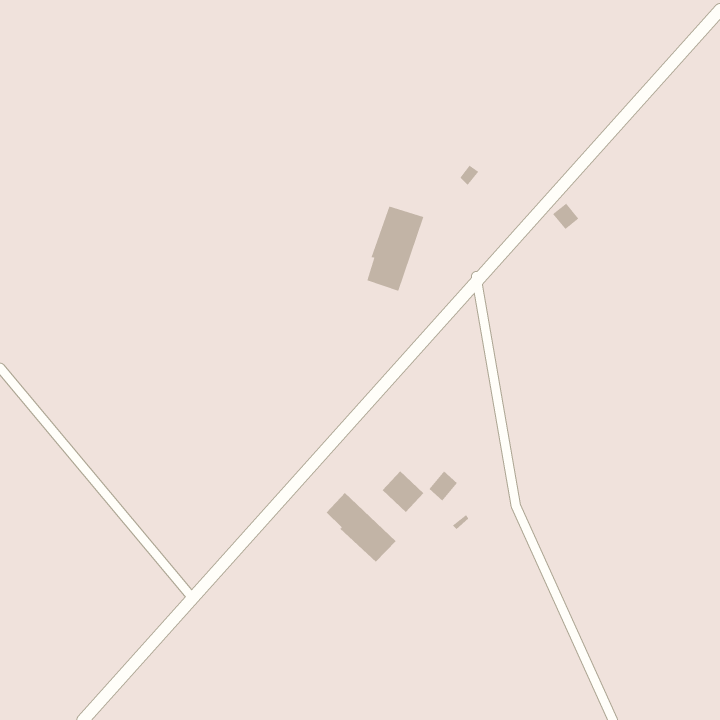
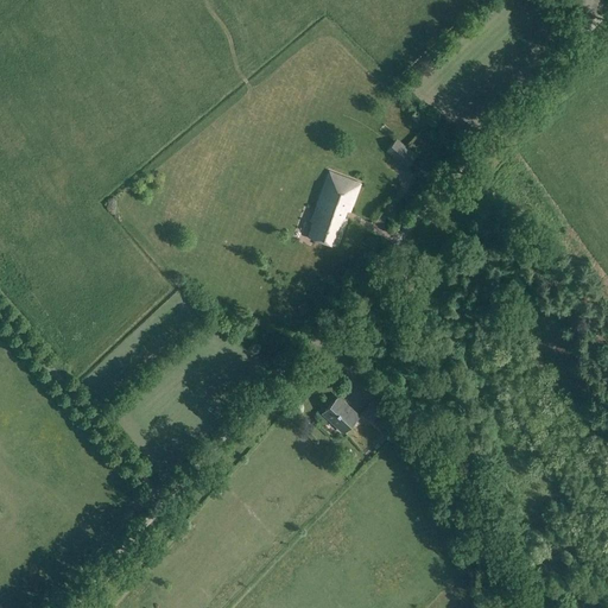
building: [326,492,397,562] -> none

